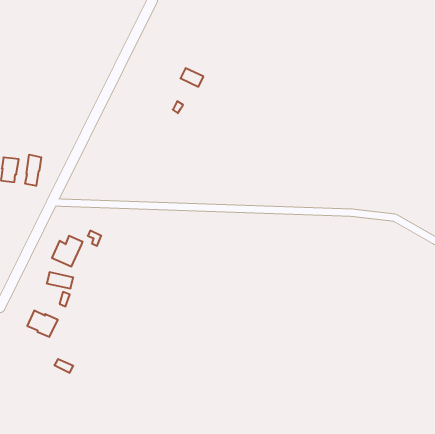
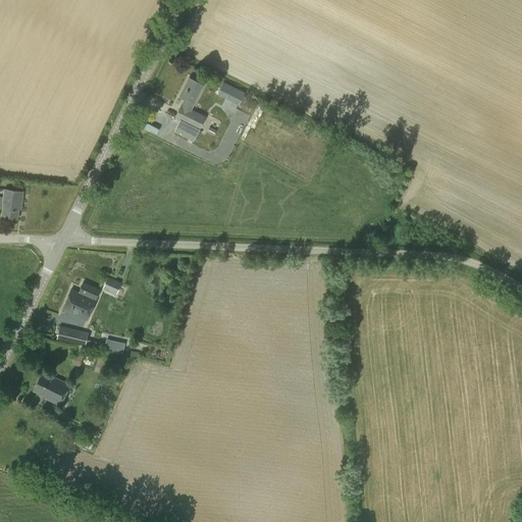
building: none -> [175,79,205,129]
building: [25,155,41,186] -> none

